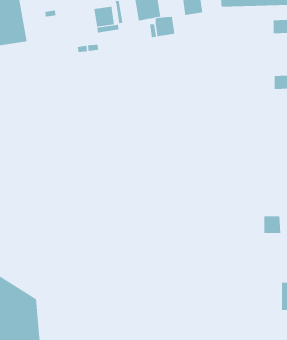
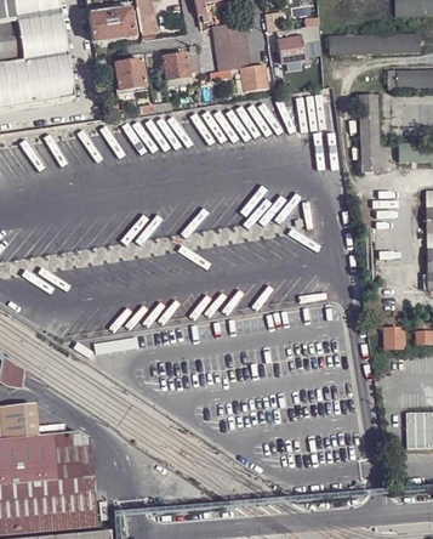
building: none -> [116,57,147,89]
building: none -> [358,93,380,171]

